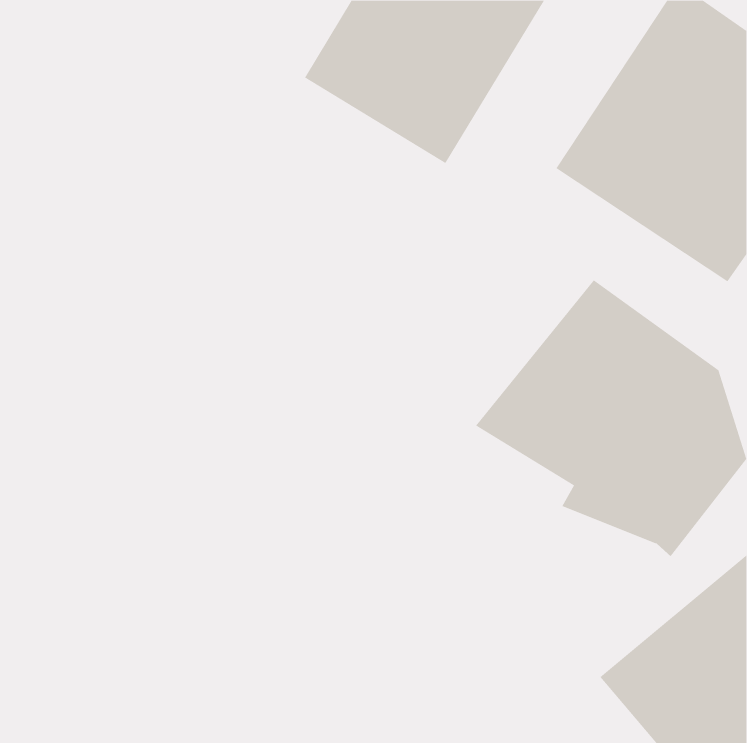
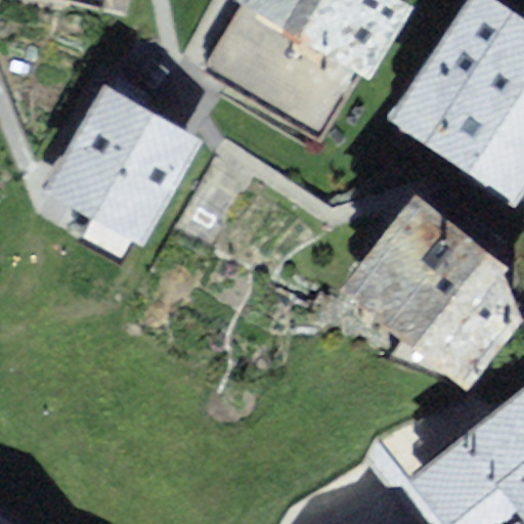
building: none -> [29,79,189,243]

